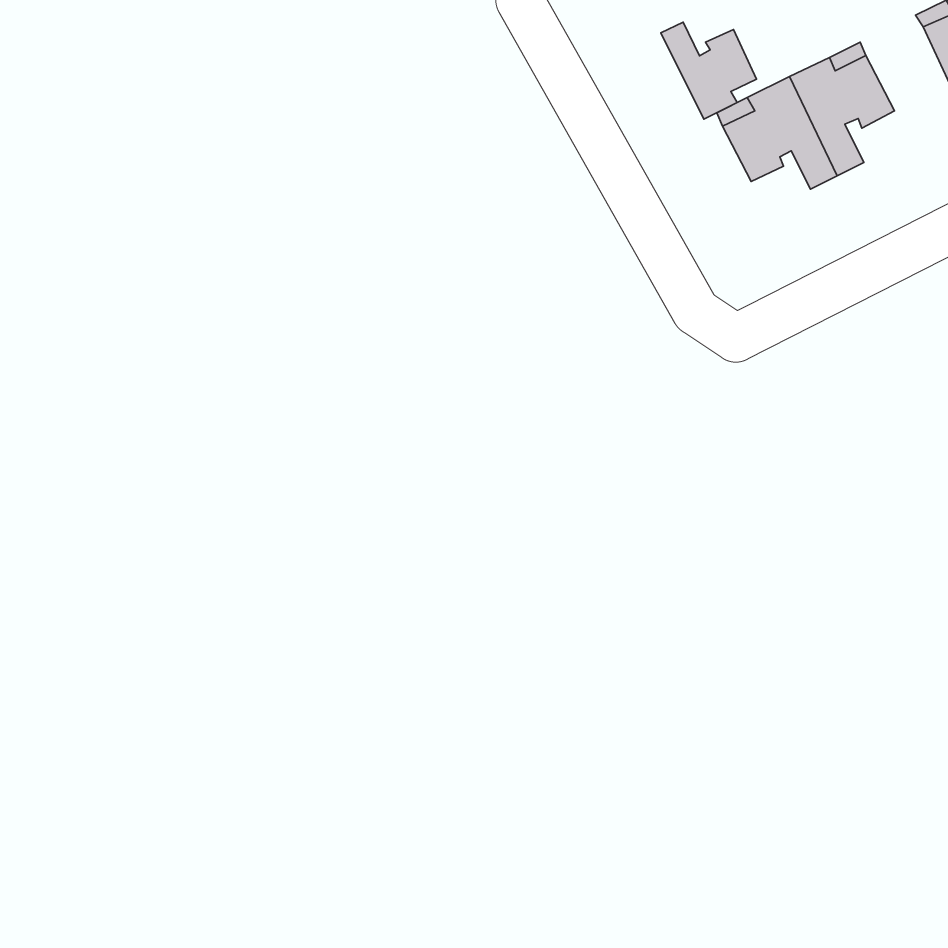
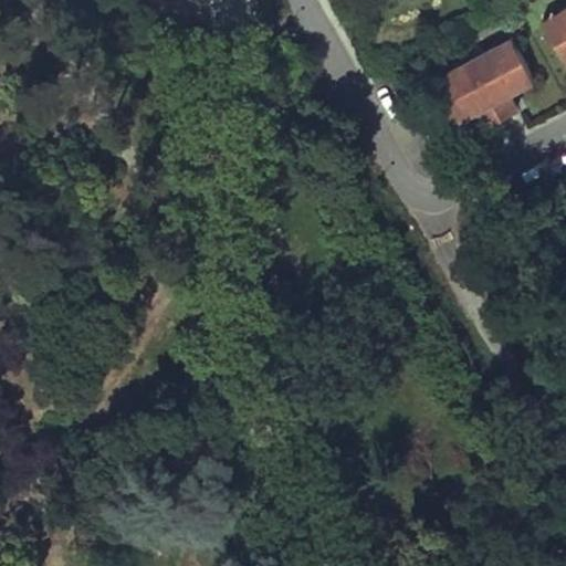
building: [661,22,757,119] -> none

